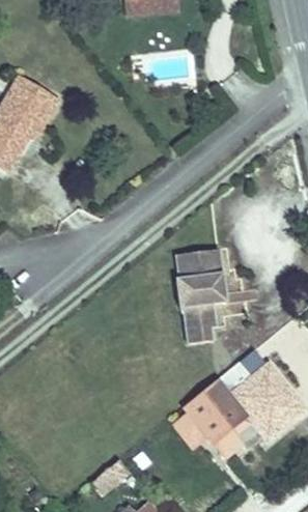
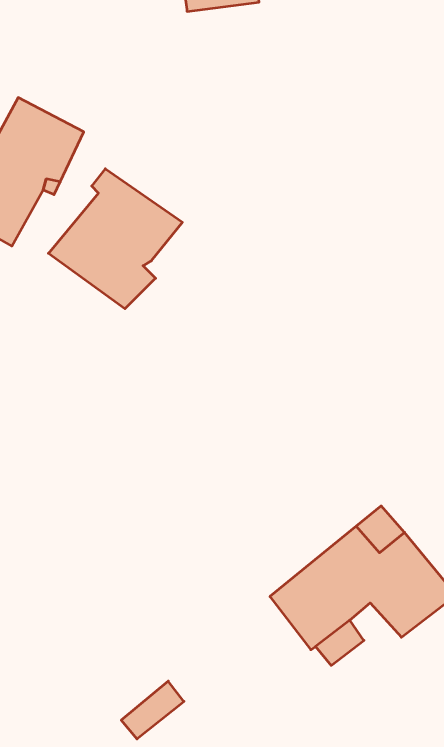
building: none -> [48,169,182,309]
building: [177,248,226,344] -> none

